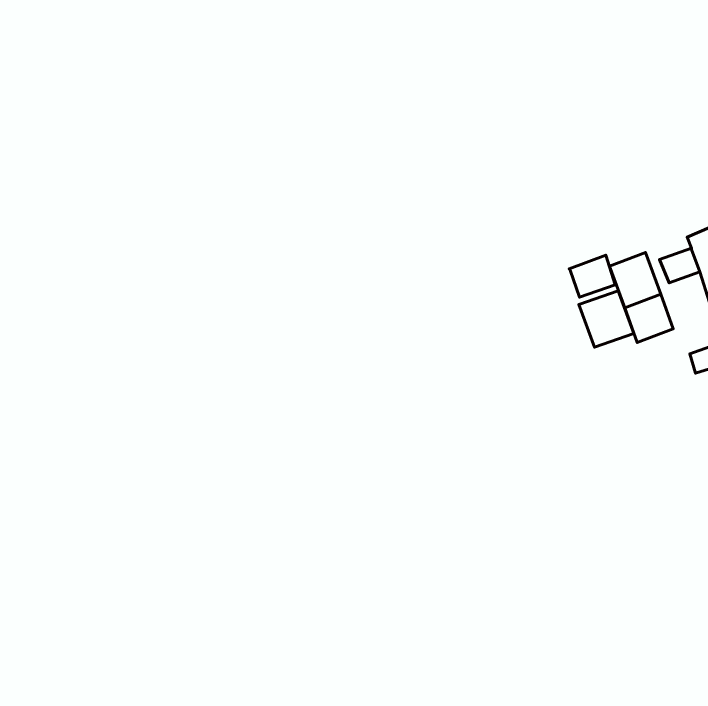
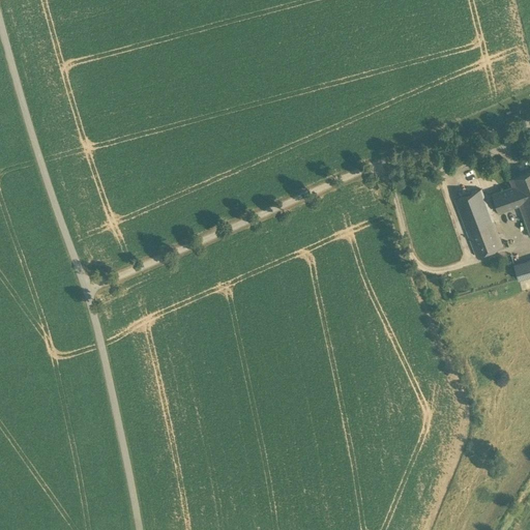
building: [569,255,615,297] -> none
building: [579,291,634,347] -> none

